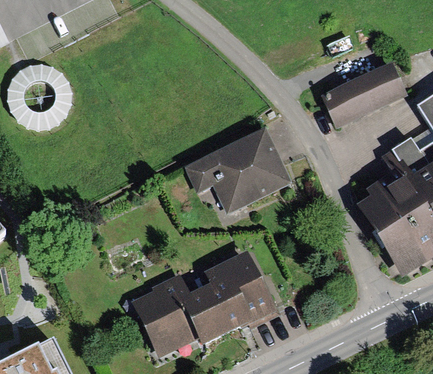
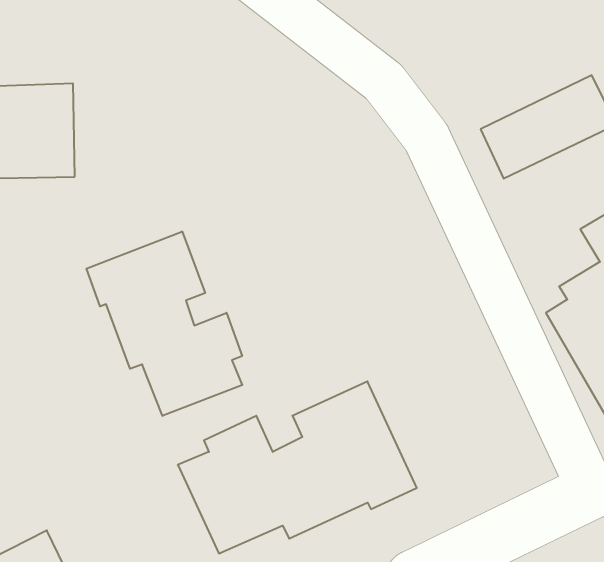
building: [185,128,292,214] -> none
building: none -> [86,231,242,416]

